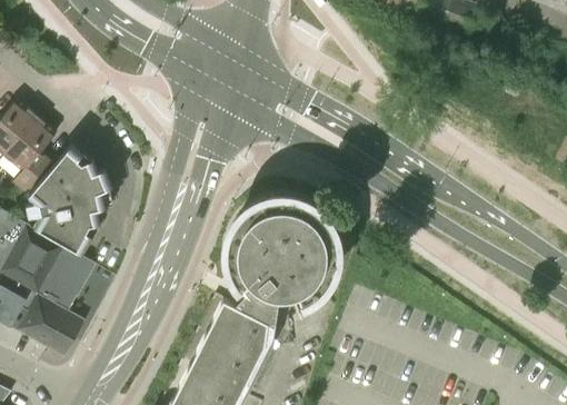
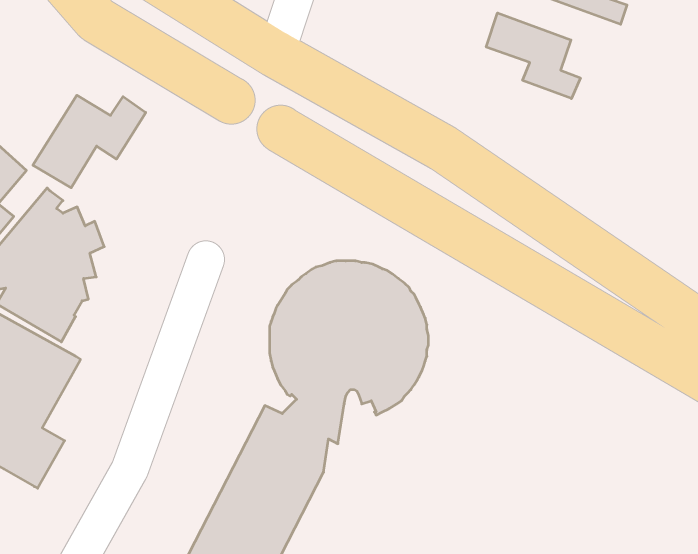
building: none -> [486,13,580,99]
building: none -> [33,95,146,188]

